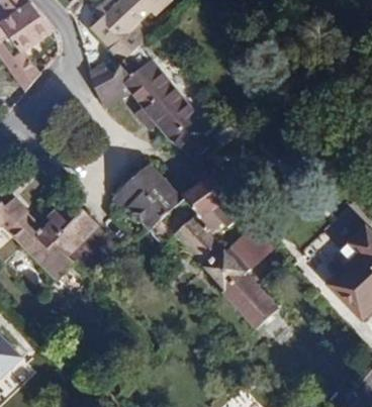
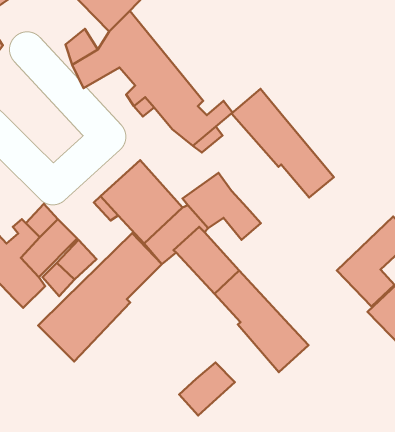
building: none -> [231,89,334,197]
building: none -> [38,233,162,361]
building: [229,225,276,271] -> none
building: none -> [179,362,235,416]

